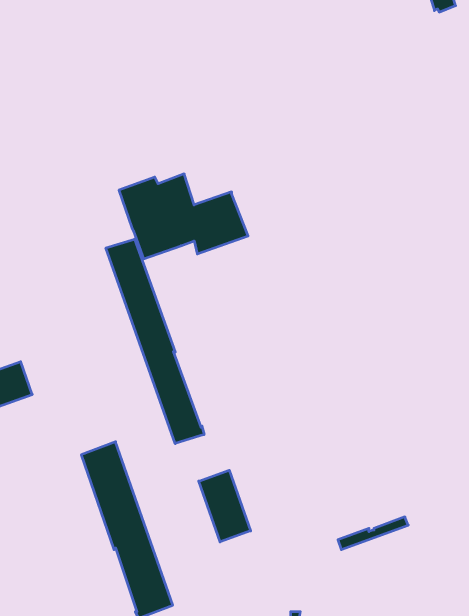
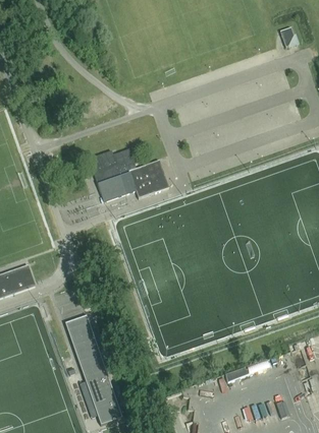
building: [106,239,204,444] -> none
building: [199,470,251,542] -> none

